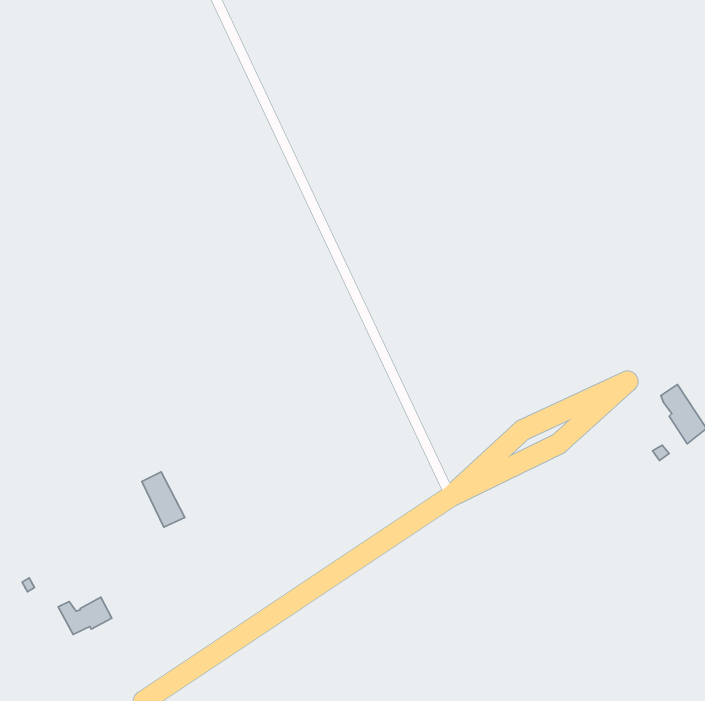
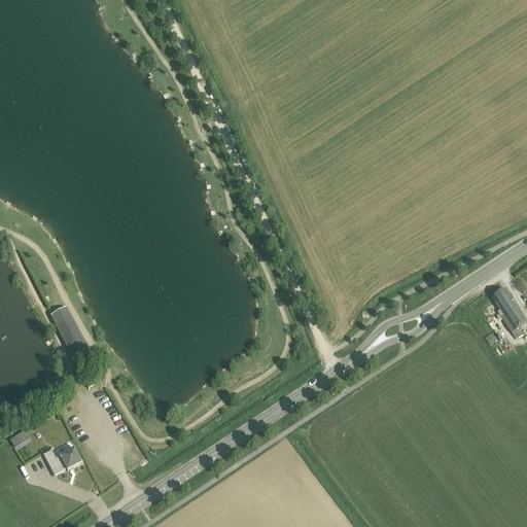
building: [142,472,185,527] -> [55,313,86,354]

